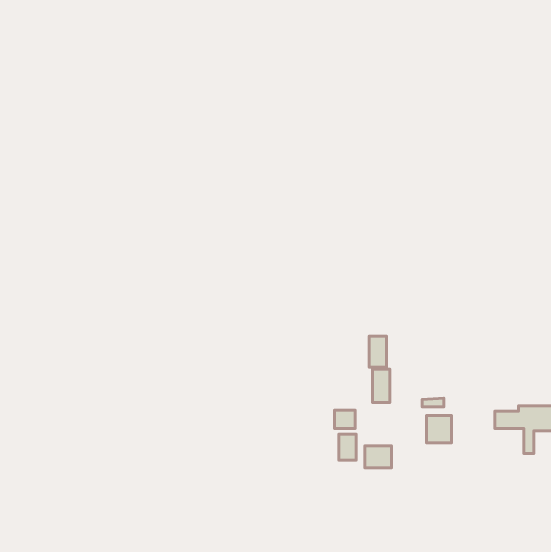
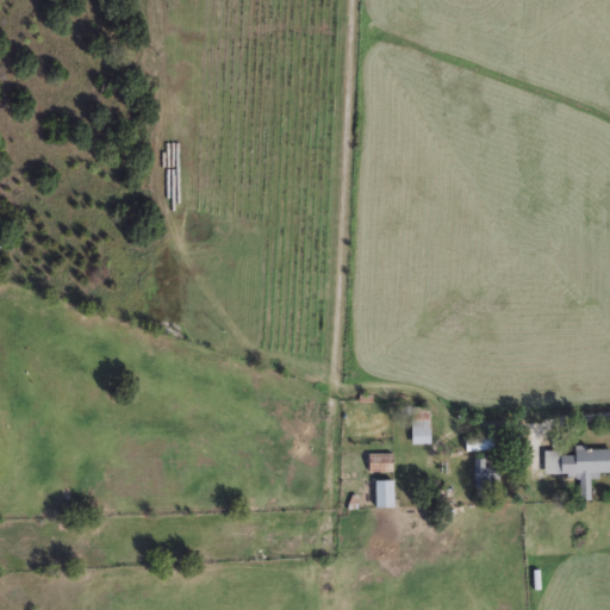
building: [369,336,387,367] -> none
building: [365,446,391,468] -> none

